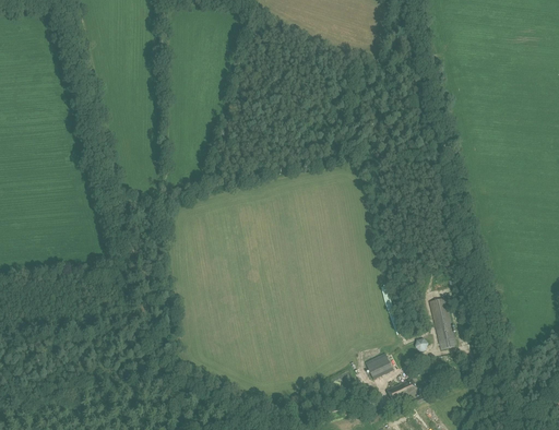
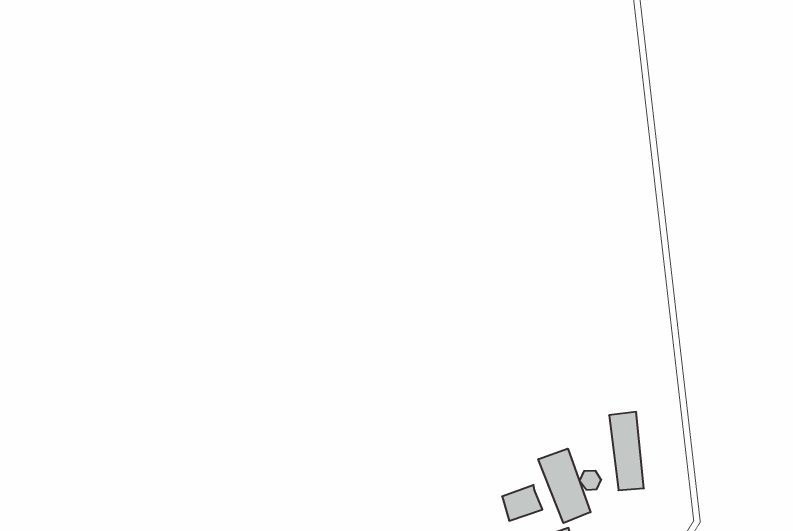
building: none -> [538,449,591,523]

